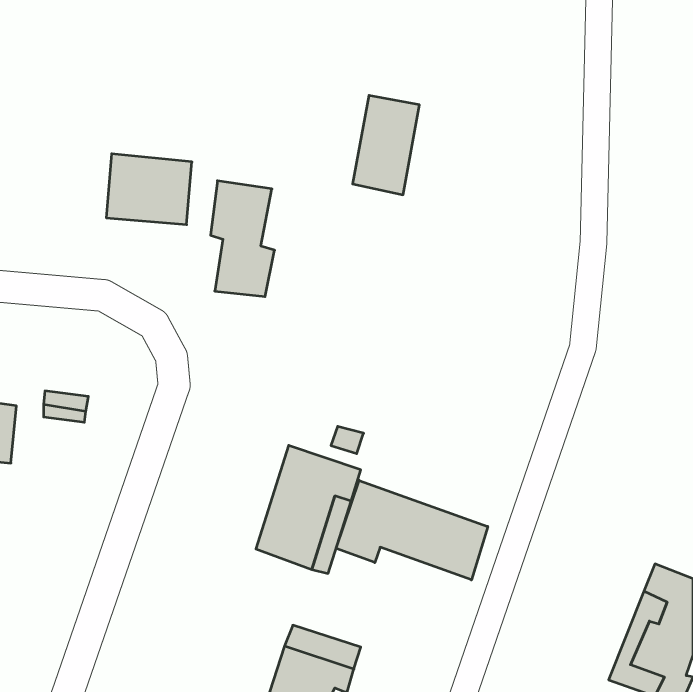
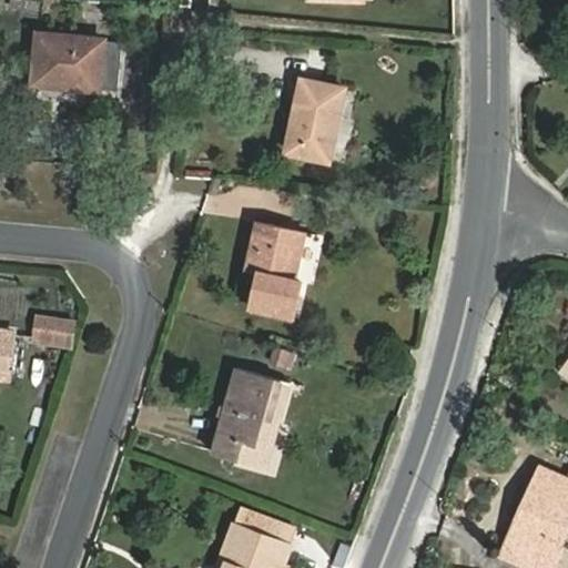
building: [106,154,192,225] -> [37,31,106,89]
building: [211,181,275,297] -> [250,225,302,320]
building: [336,480,488,580] -> none

